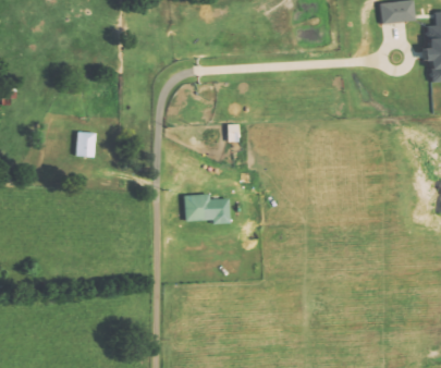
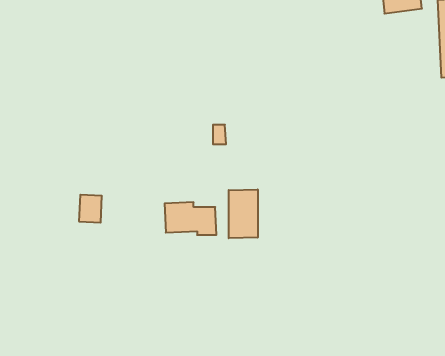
building: [75,132,96,157] -> [79,195,102,223]
building: none -> [229,189,258,238]

